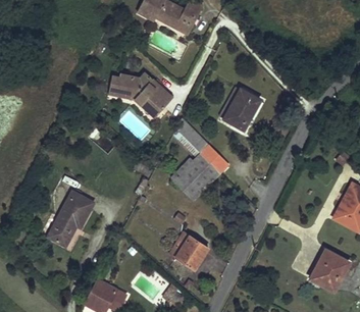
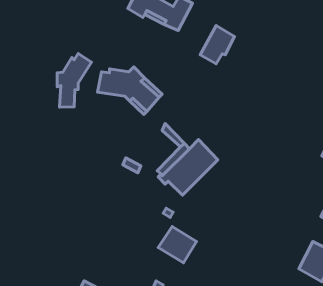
building: none -> [57,54,91,107]
building: [224,89,259,127] -> [200,26,234,64]
building: [50,192,93,245] -> none

